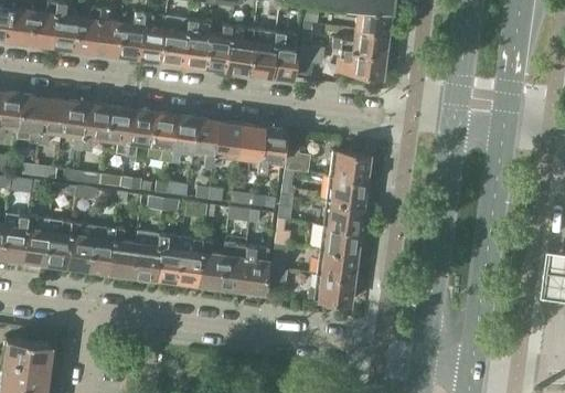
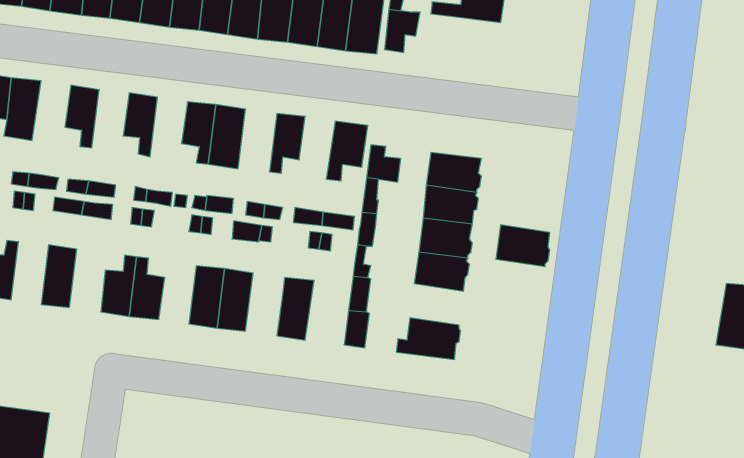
building: [338,50,384,77] -> none
building: [38,98,66,144] -> none
building: [82,105,109,149] -> none
building: [125,110,152,156] -> none
building: [190,119,218,166] -> none
building: [235,125,262,171] -> none
building: [22,217,50,264] -> none
building: [65,223,92,269] -> none
building: [131,234,159,278] -> none
building: [195,241,223,287] -> none
building: [239,246,268,293] -> none
building: [317,248,356,279] -> [496,225,550,267]

